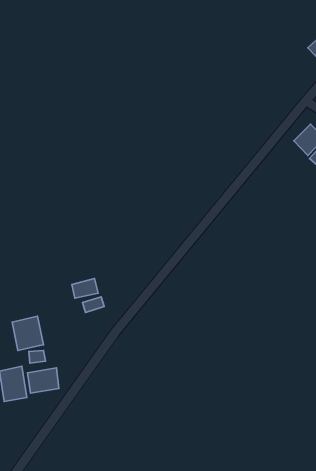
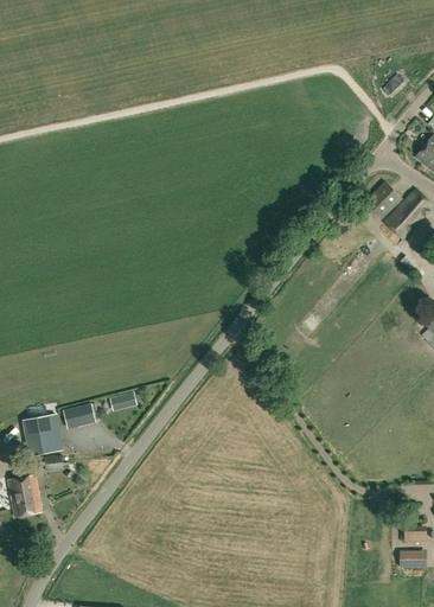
building: [72,279,98,298] -> [64,404,96,428]
building: [28,368,59,393] -> none

